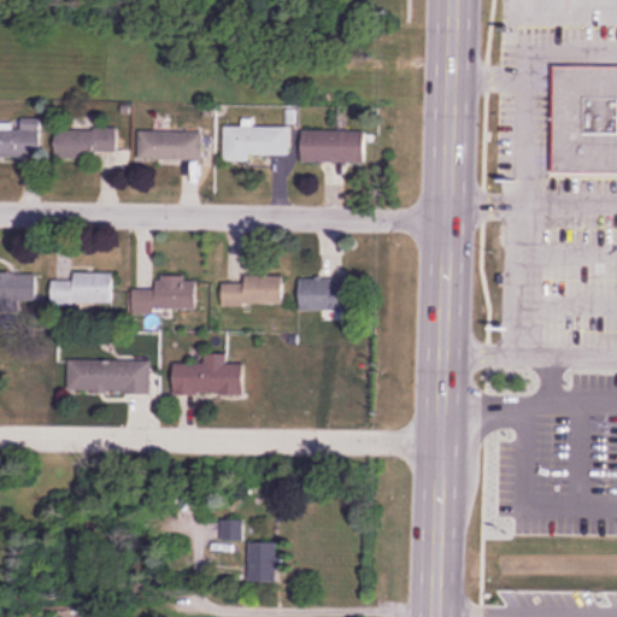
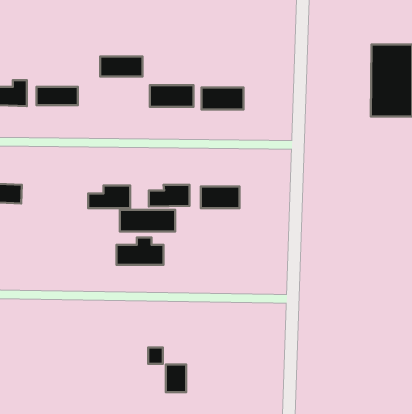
building: [137,130,200,160] -> [100,56,142,77]
building: [52,274,111,304] -> none
building: [67,359,149,392] -> [120,210,175,232]

